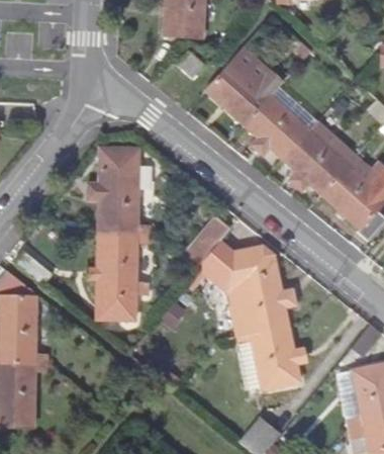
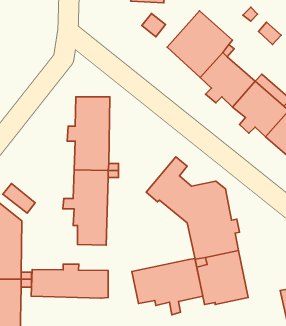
building: none -> [132,258,203,315]
building: none -> [31,264,108,298]

